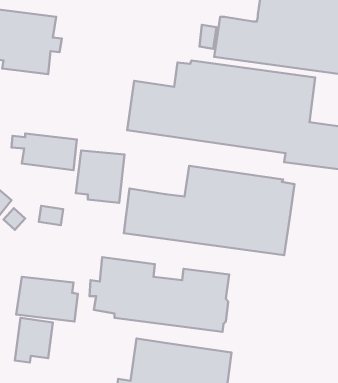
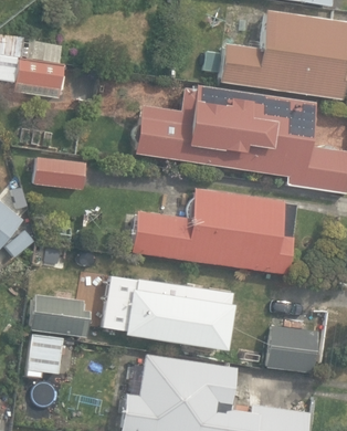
building: [76,151,125,203] -> none
building: none -> [266,324,317,374]

